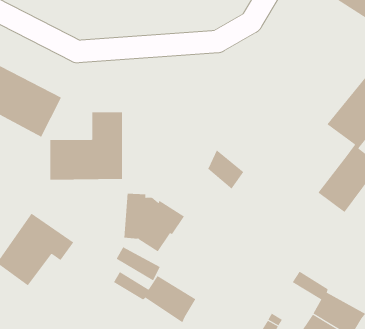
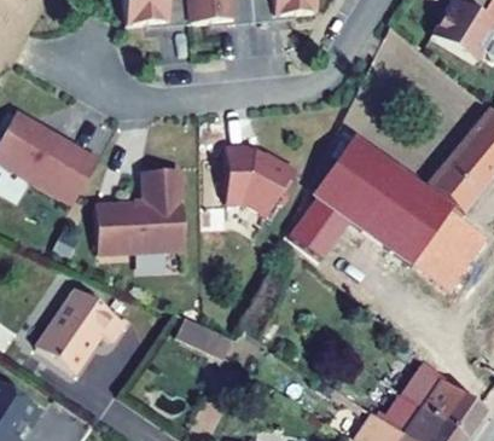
building: none -> [304,146,449,282]
building: [124,193,185,252] -> [229,141,302,211]
building: [113,271,196,323] -> none

